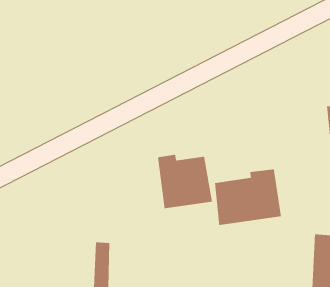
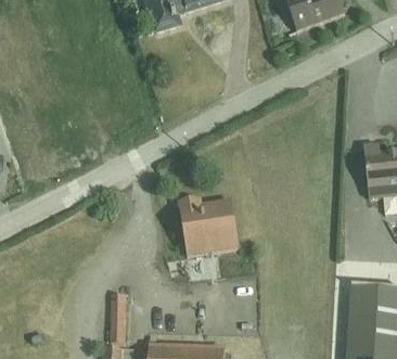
building: [214,168,282,226] -> none

